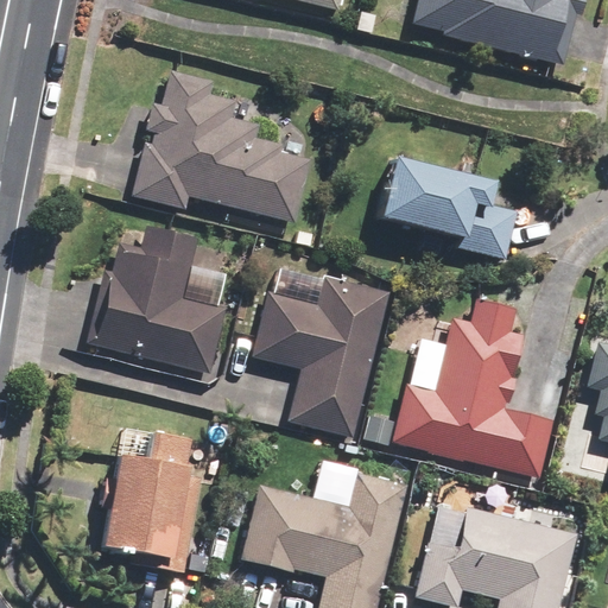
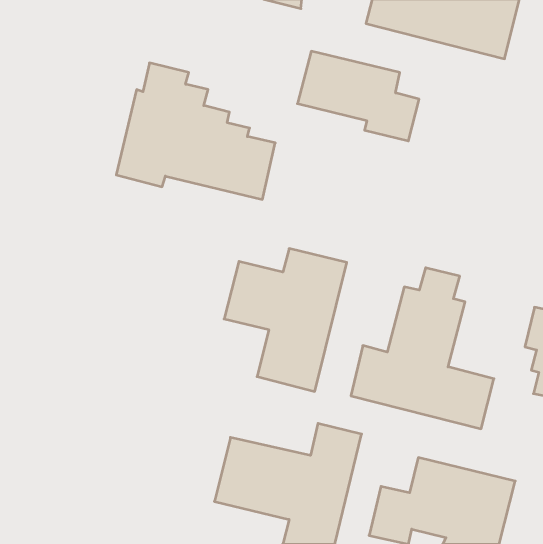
building: [380,157,515,256] -> [297,51,419,141]
building: [87,224,226,372] -> none
building: [102,431,201,571] -> none

